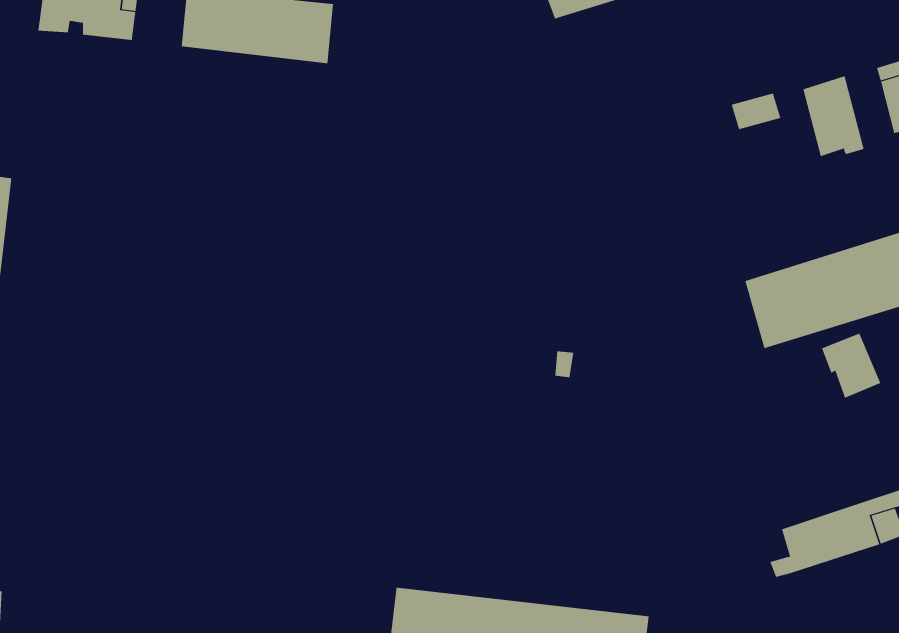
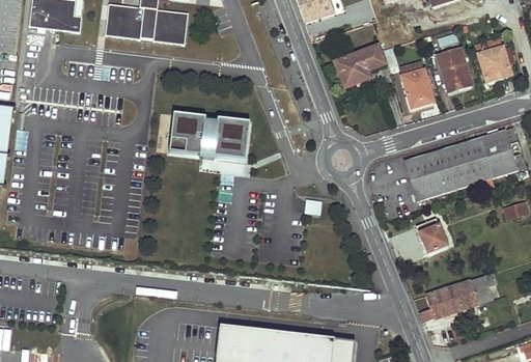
building: none -> [335,44,385,88]
building: none -> [403,75,432,104]
building: none -> [168,114,249,161]
building: [821,333,881,399] -> [416,216,448,251]

